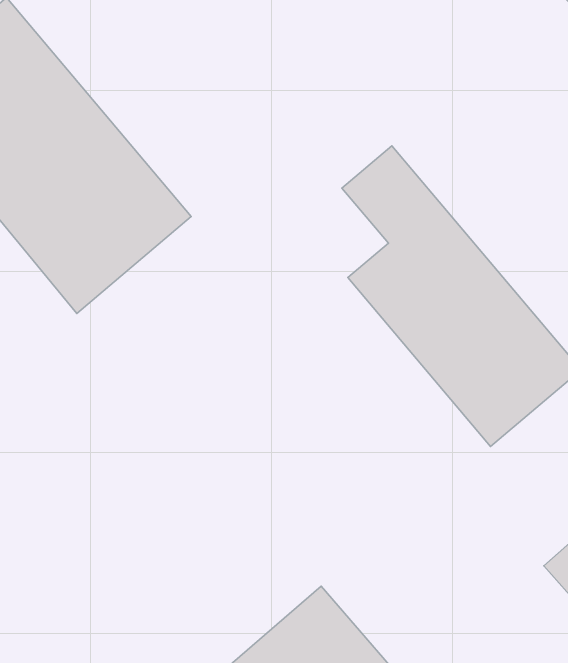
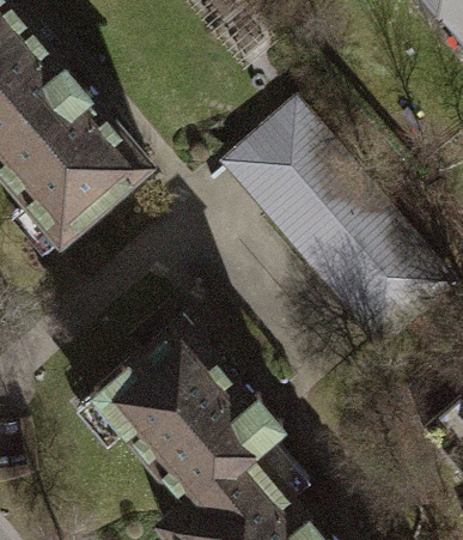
building: none -> [95,322,284,508]

